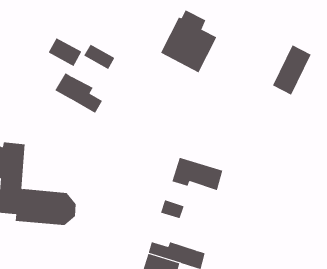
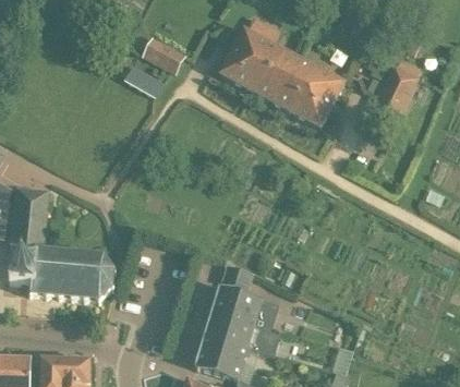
building: none -> [271,53,347,126]
building: [48,37,82,67] -> [141,36,185,74]
building: [54,72,103,114] -> none
building: [171,157,223,191] -> [209,288,277,331]

